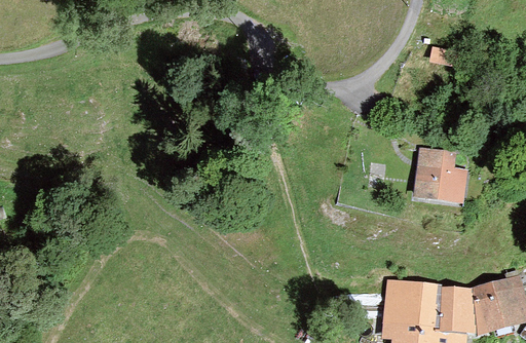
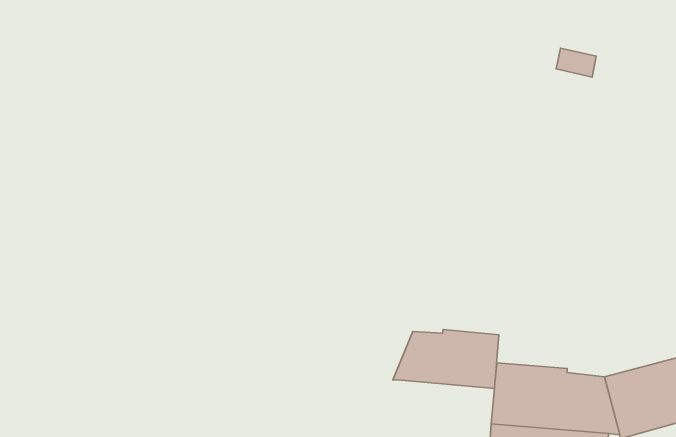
building: [412,147,468,202] -> none
building: none -> [393,330,499,389]

